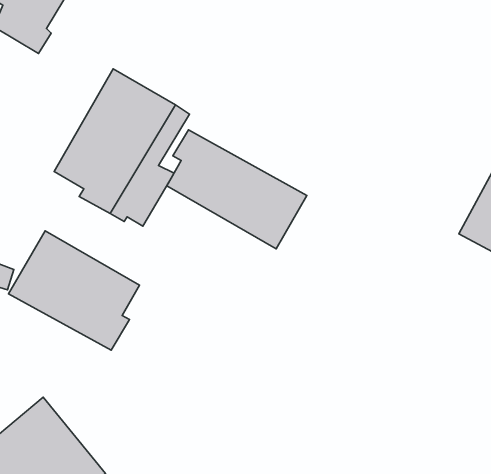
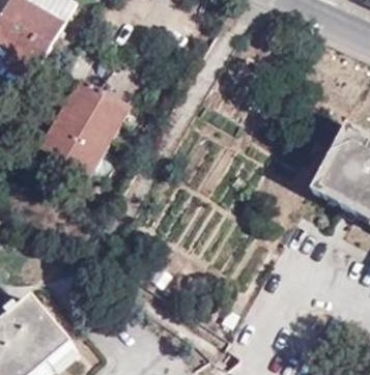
building: [167,130,307,249] -> none
building: [9,231,140,350] -> none

